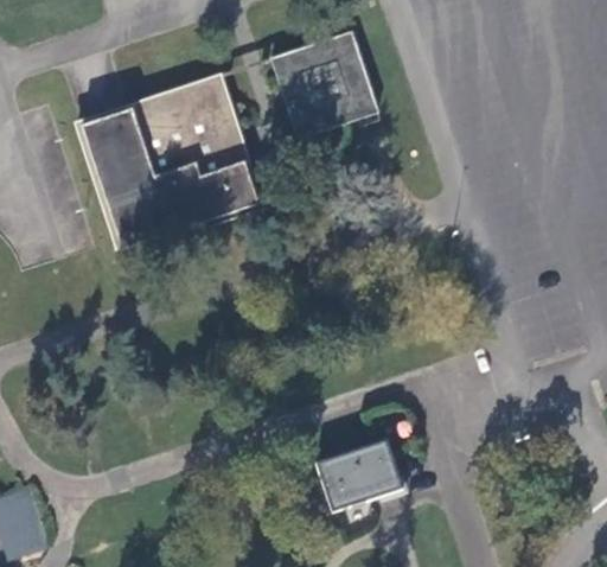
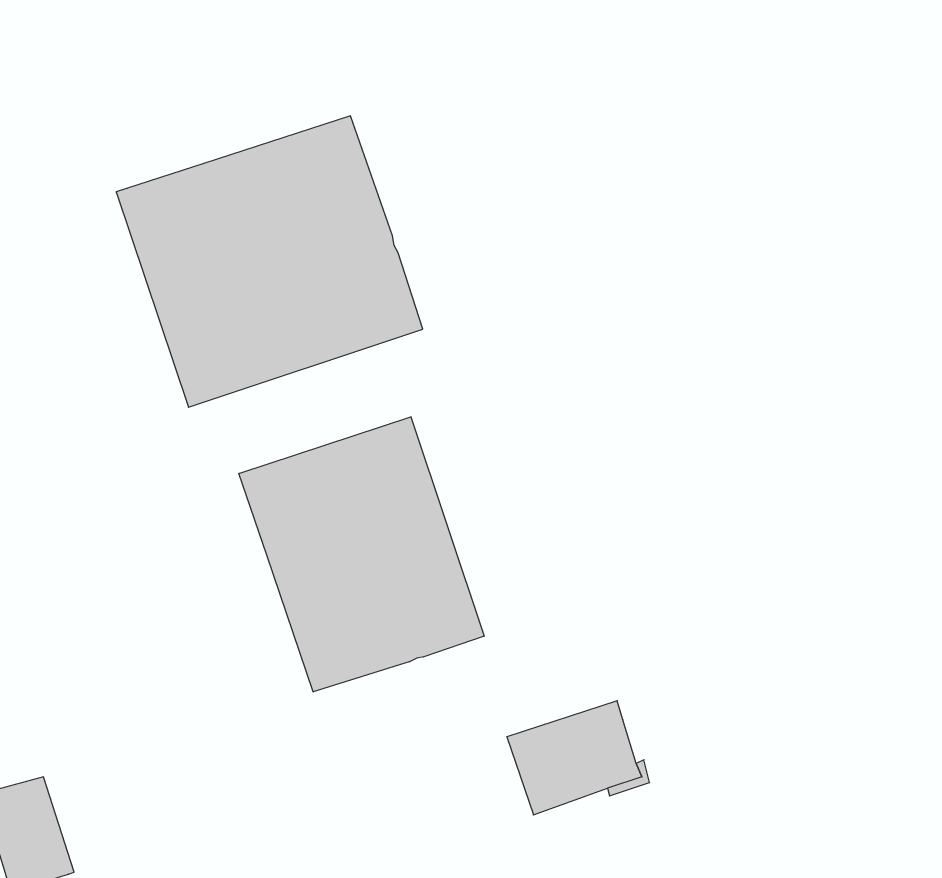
building: [271,31,377,136] -> none
building: none -> [239,417,484,692]

